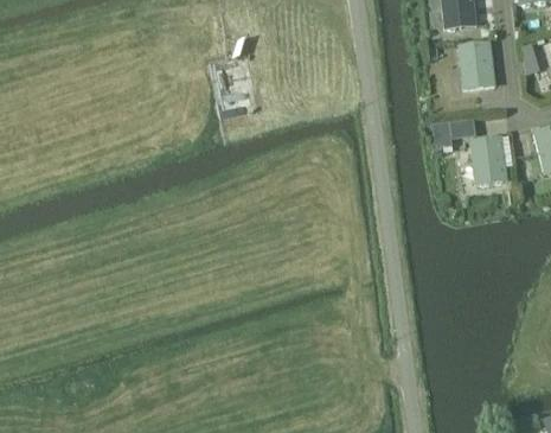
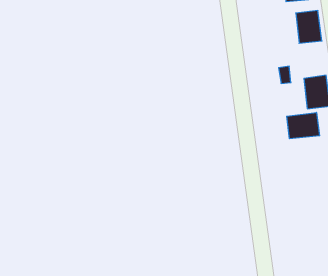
building: none -> [287,112,320,139]

